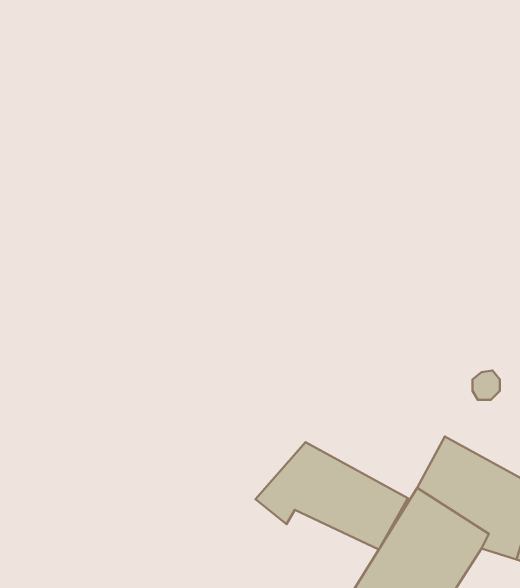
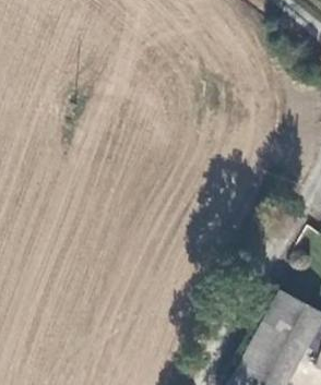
building: [256,442,408,549] -> none

